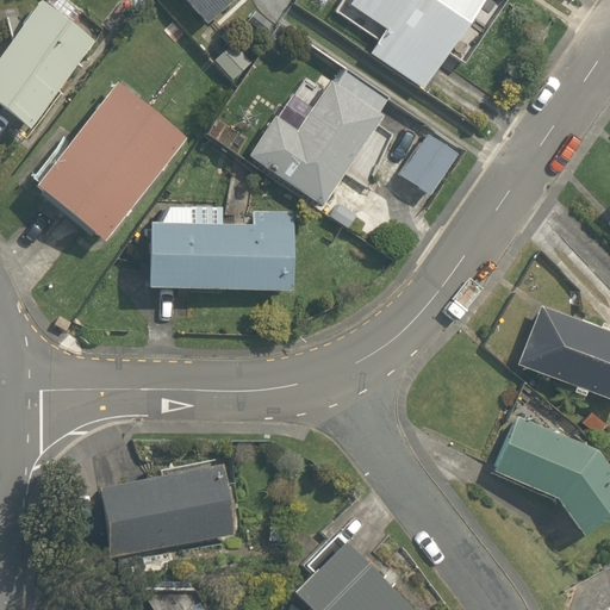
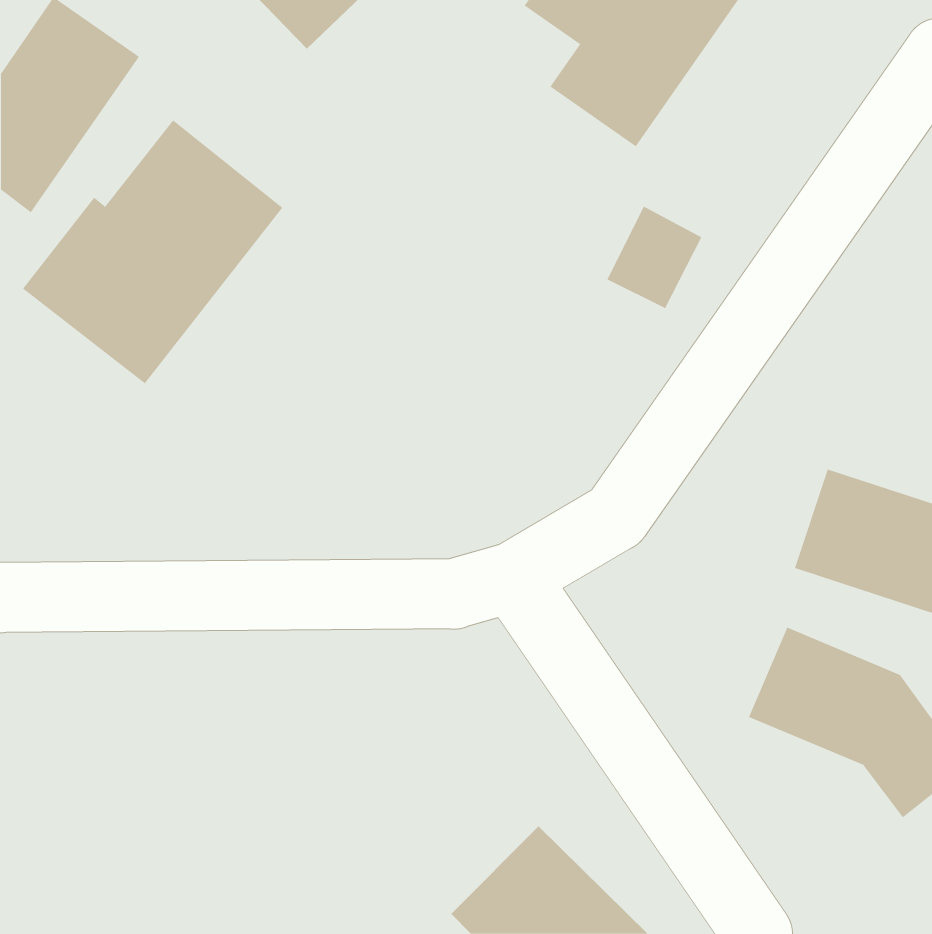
building: [245,66,397,212] -> none
building: [139,223,290,300] -> none
building: [97,458,238,558] -> none

